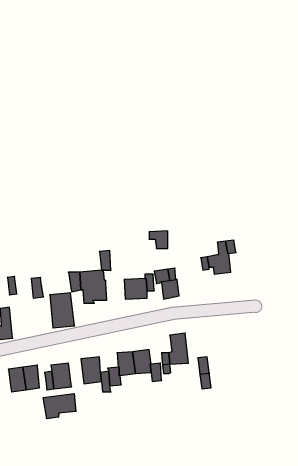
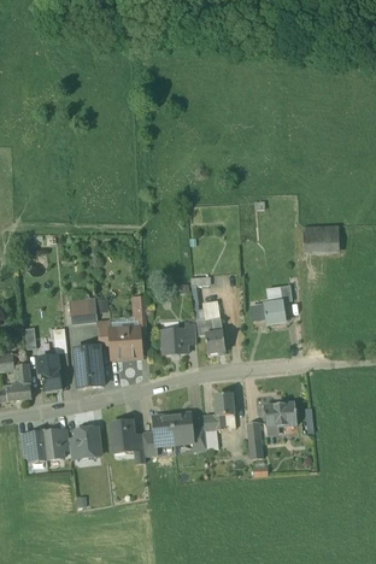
building: none -> [301,224,339,253]
building: none -> [69,299,96,322]
building: none -> [36,356,61,392]
building: none -> [262,401,296,427]
building: [43,394,76,419] -> none

